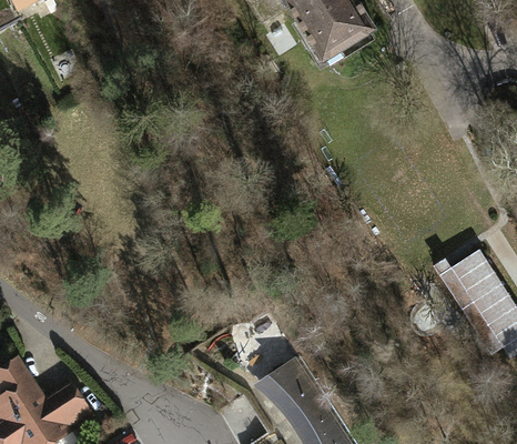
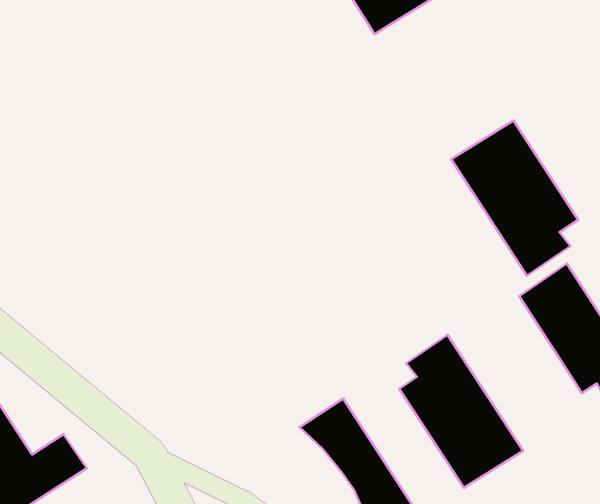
building: none -> [451,121,578,276]
building: none -> [399,335,523,488]

